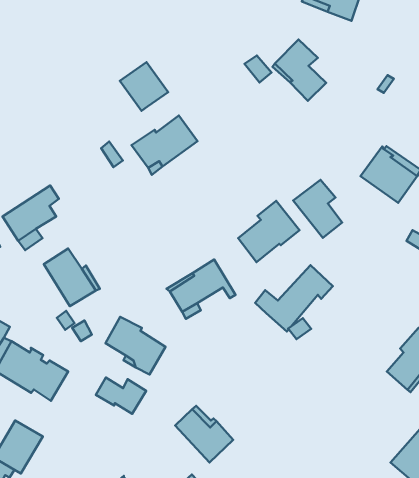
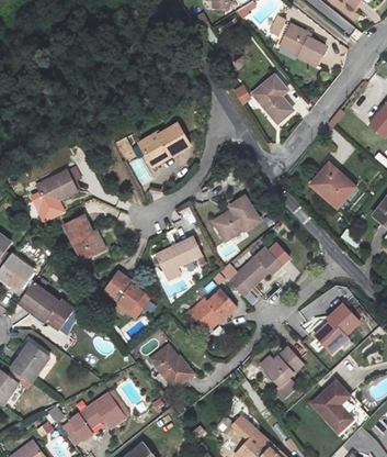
building: [120,62,168,111] -> none
building: [293,180,342,238] -> none
building: none -> [192,289,237,331]
building: [96,377,146,414] -> none
building: none -> [260,347,303,399]

